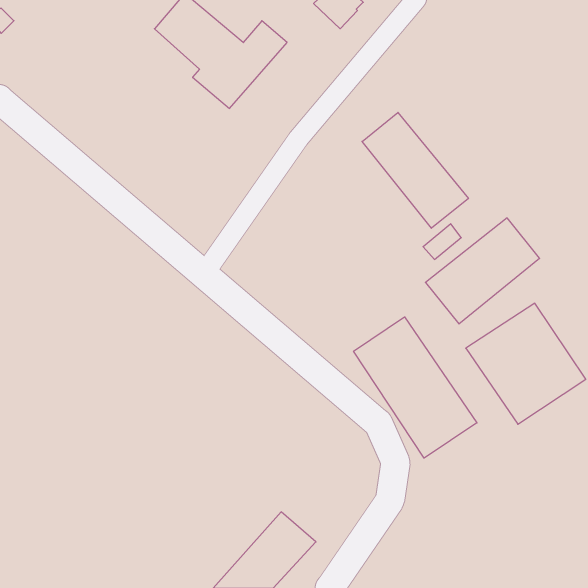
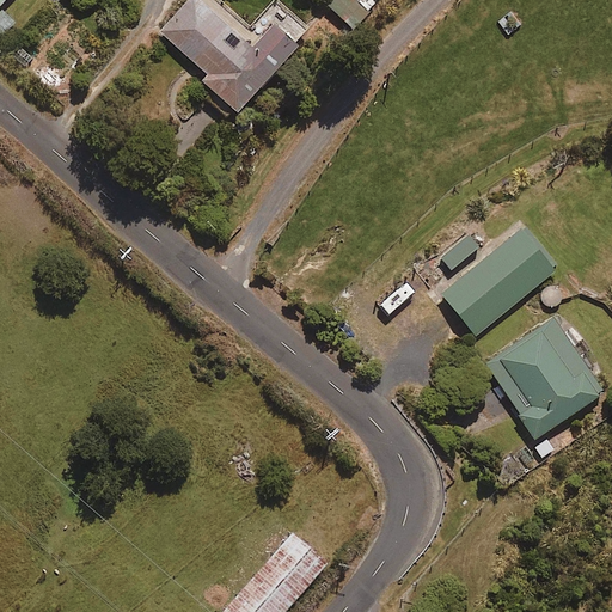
building: [362,112,468,228] -> none
building: [354,317,477,458] -> none

